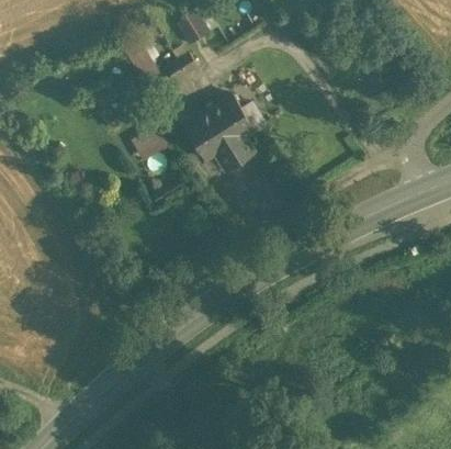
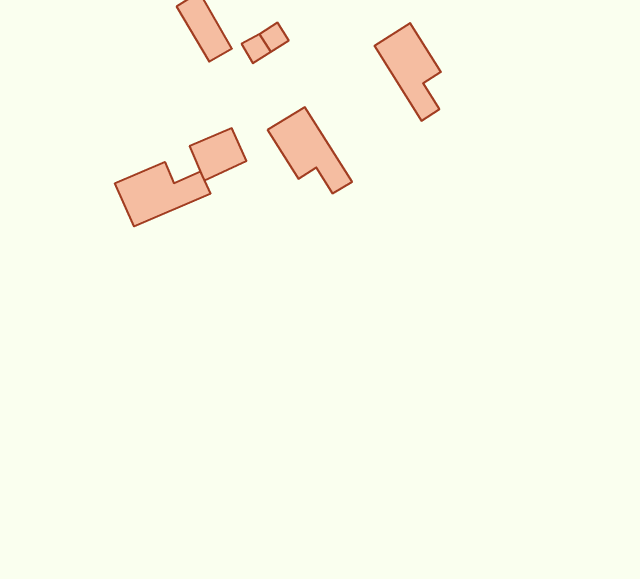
building: [208,98,253,164] -> [374,23,441,121]
building: none -> [115,162,210,226]

